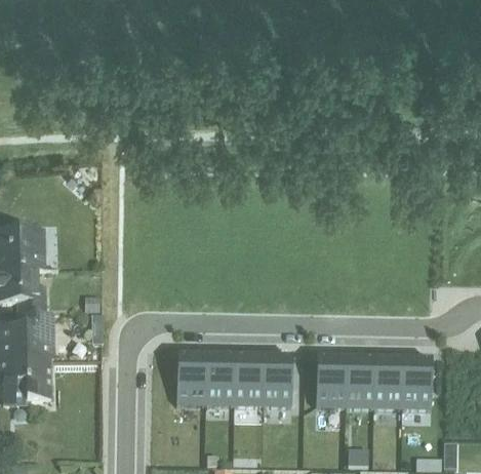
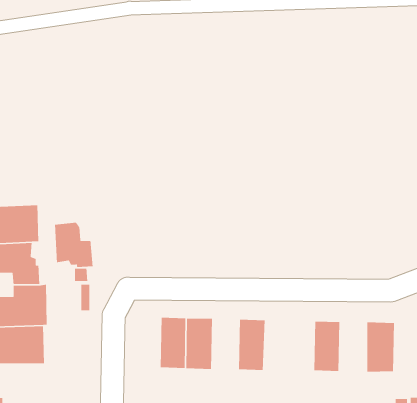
building: none -> [54,222,94,268]
building: [234,352,264,408] -> none
building: [317,355,346,409] -> none
building: [372,356,402,411] -> none

